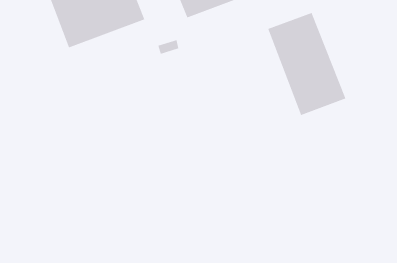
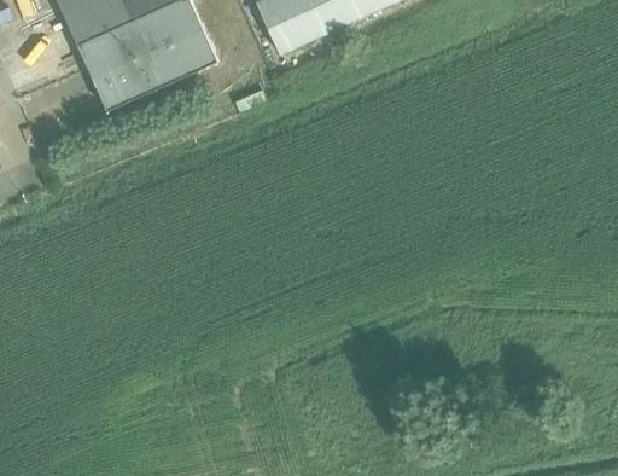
building: [267,12,346,116] -> none

